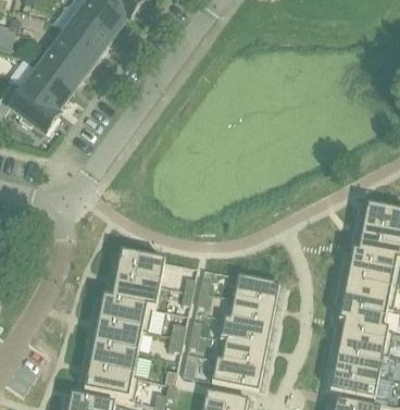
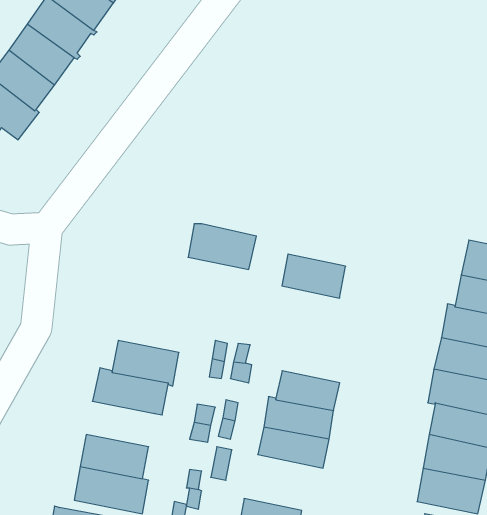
building: [116,251,165,284] -> [188,224,256,269]
building: [234,274,279,306] -> [282,254,346,298]
building: [93,319,142,351] -> none
building: [212,357,263,389] -> none

